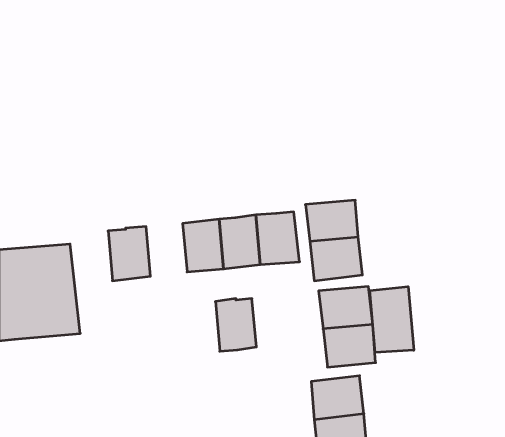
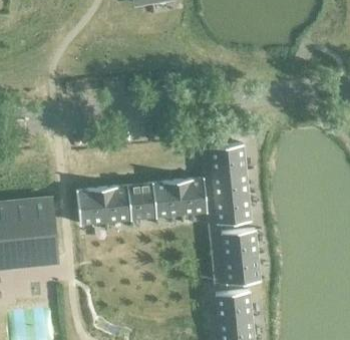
building: none -> [209,143,245,173]
building: [370,287,414,352] -> none
building: [215,299,256,351] -> [101,186,129,222]

